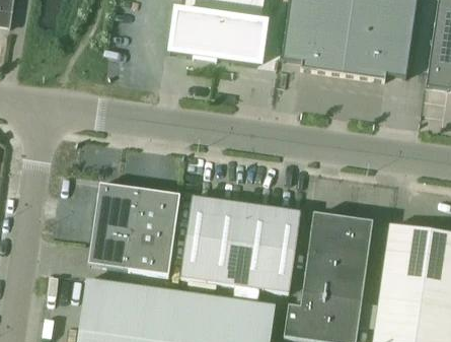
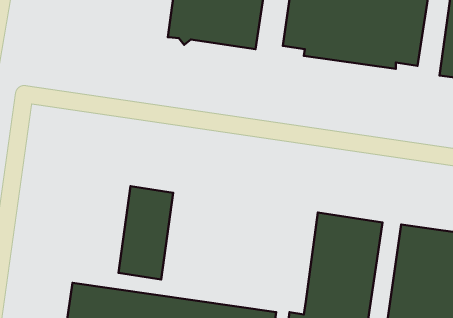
building: [88,183,140,269] -> none
building: [180,196,300,292] -> none

